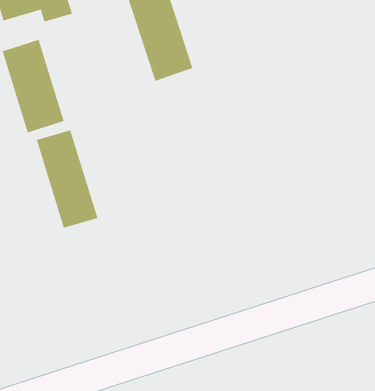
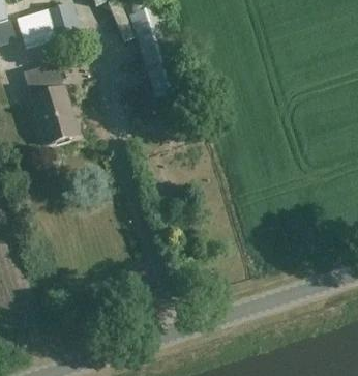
building: [36,130,98,229] -> none

